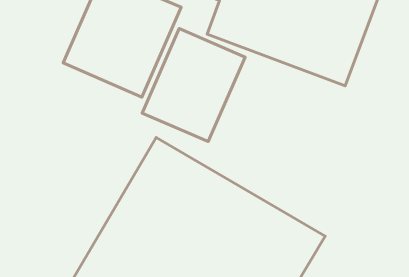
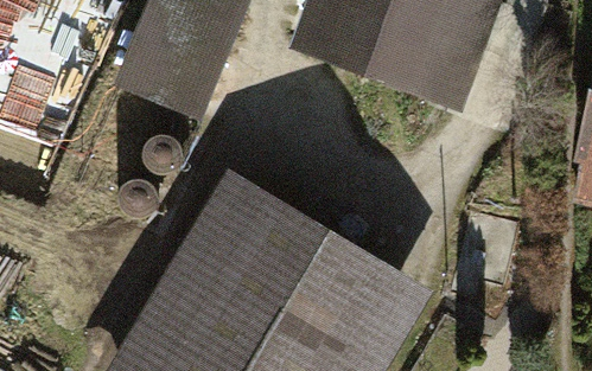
building: [142,29,245,142] -> none

